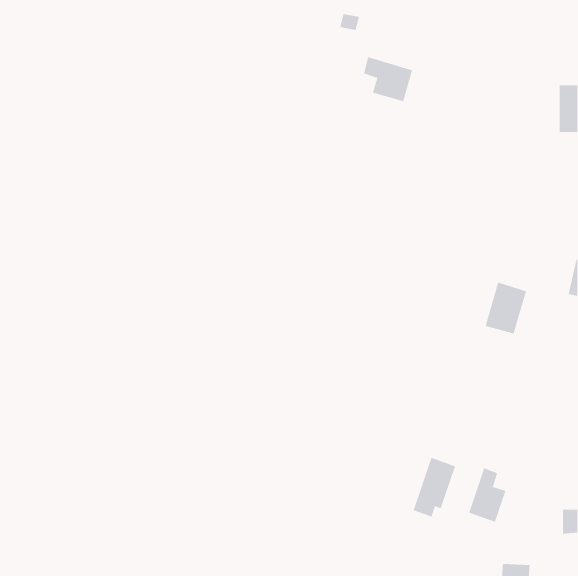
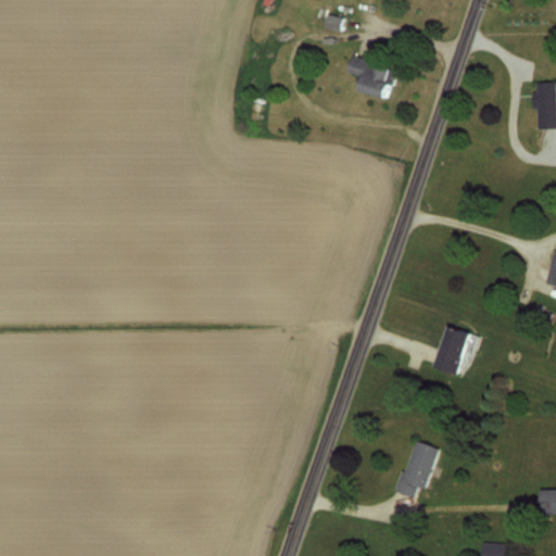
building: [485,282,527,334] -> [432,327,472,377]
building: [469,468,506,522] -> none

